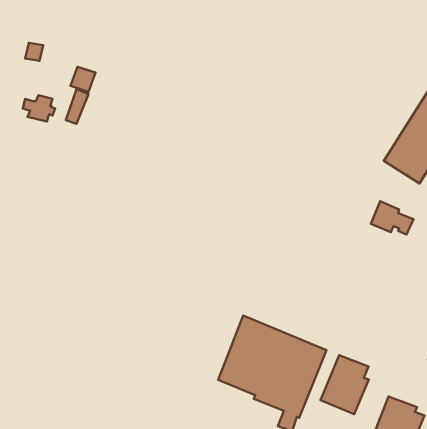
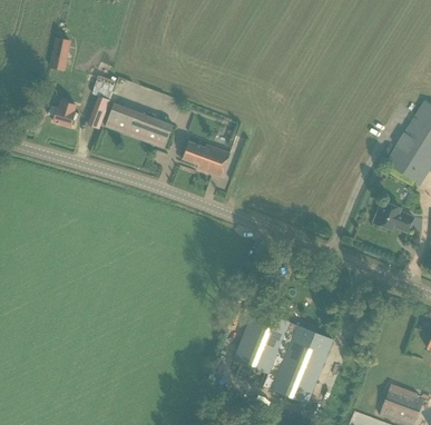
building: none -> [104,102,173,148]
building: none -> [182,141,229,176]
building: [320,355,369,414] -> none

